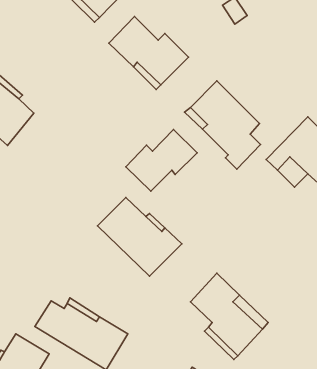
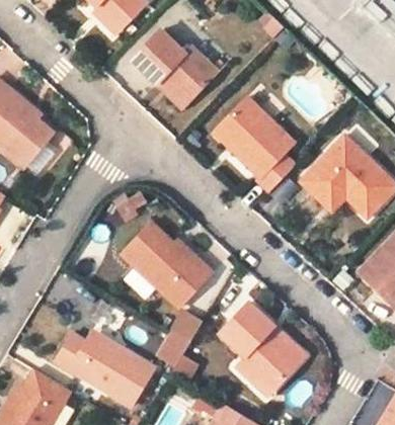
building: [126,129,197,191] -> none
building: none -> [154,307,201,376]

